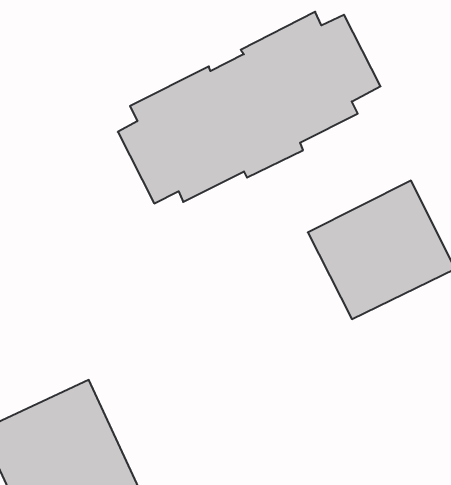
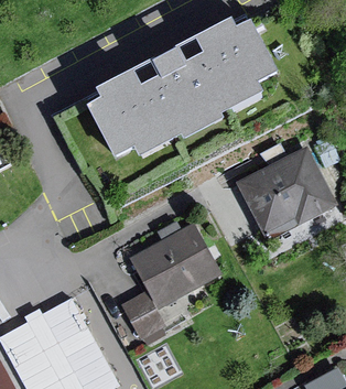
building: none -> [118,212,219,345]

